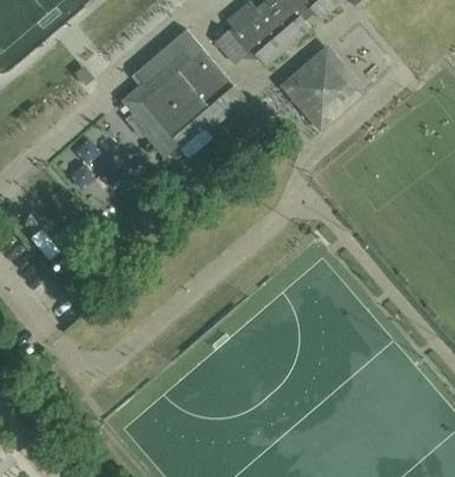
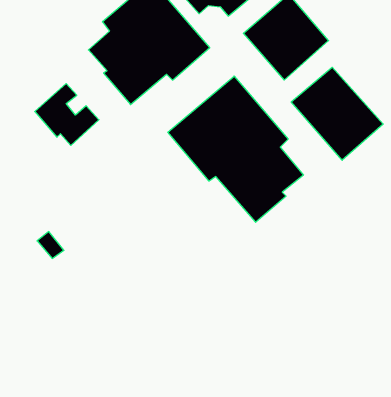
building: none -> [291,67,383,160]
building: none -> [168,76,303,222]

